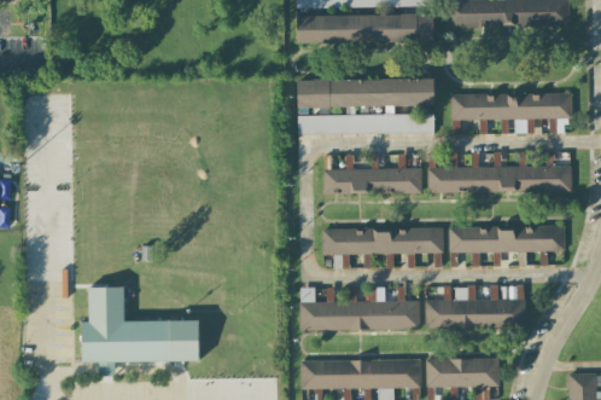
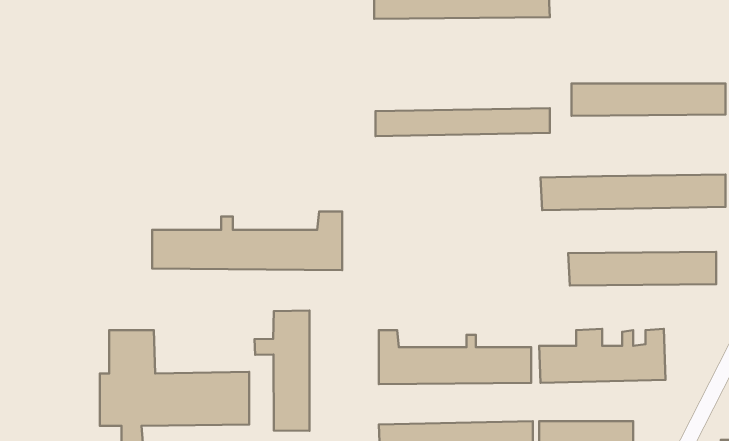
building: [298,79,434,108] -> none
building: [325,168,422,193] -> none
building: none -> [152,212,342,270]
building: [323,227,444,268] -> none
building: none -> [255,311,309,431]

